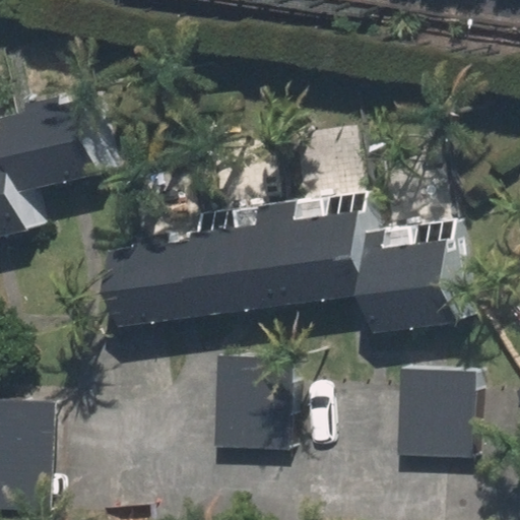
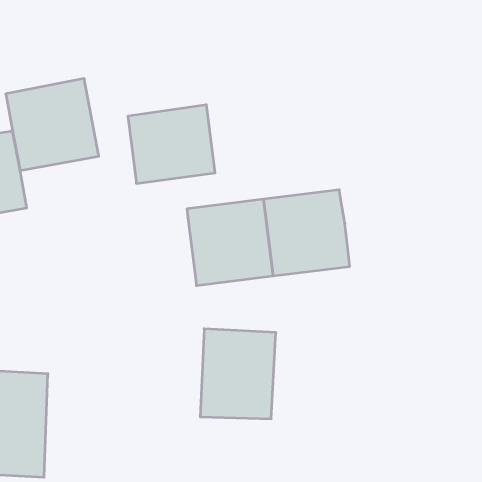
building: [366,236,461,331] -> none
building: [116,239,208,322] -> [128,105,215,183]
building: [395,372,471,459] -> none

